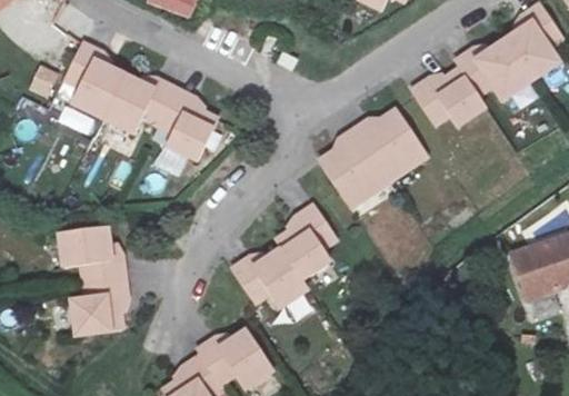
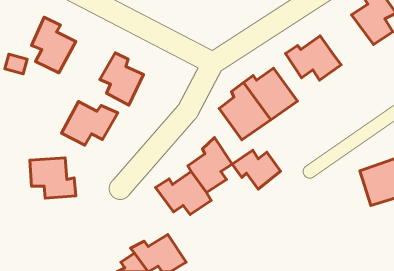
building: [455,36,532,97] -> none
building: [99,72,177,132] -> [62,102,118,145]
building: none -> [232,150,281,189]
building: [68,285,123,341] -> none

